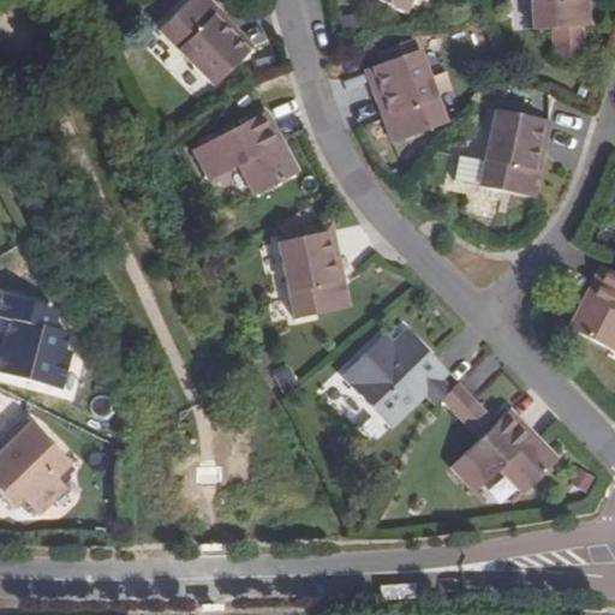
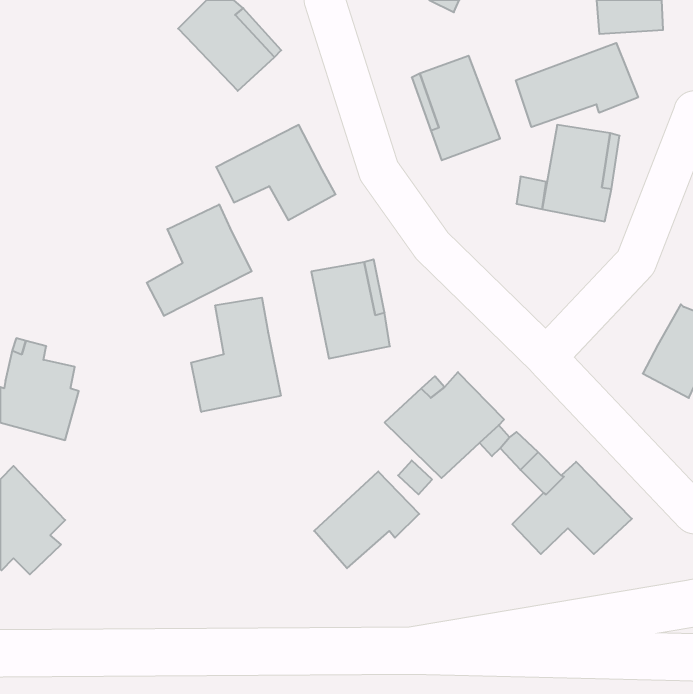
building: none -> [516,43,638,127]
building: none -> [147,204,252,316]
building: none -> [191,298,281,412]
building: none -> [314,471,419,568]

